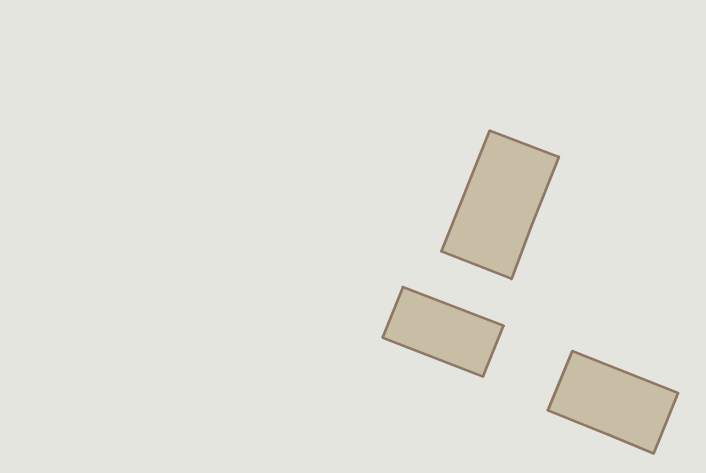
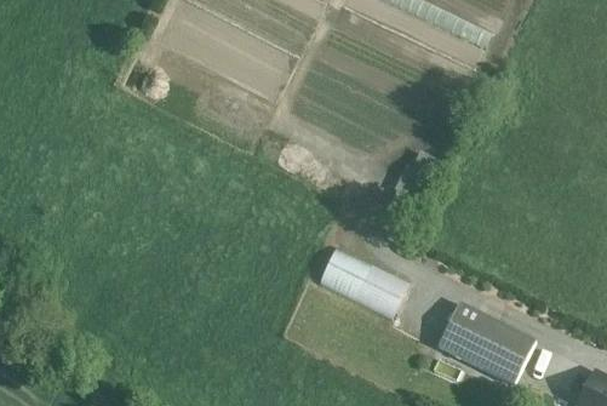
building: [441,131,559,279] -> none

